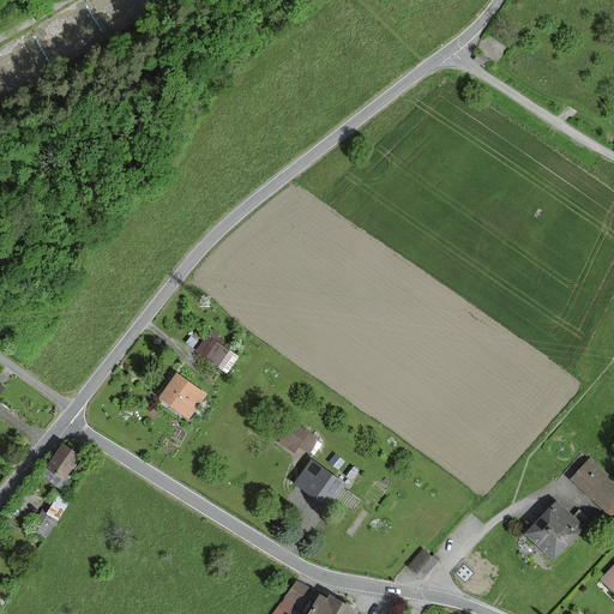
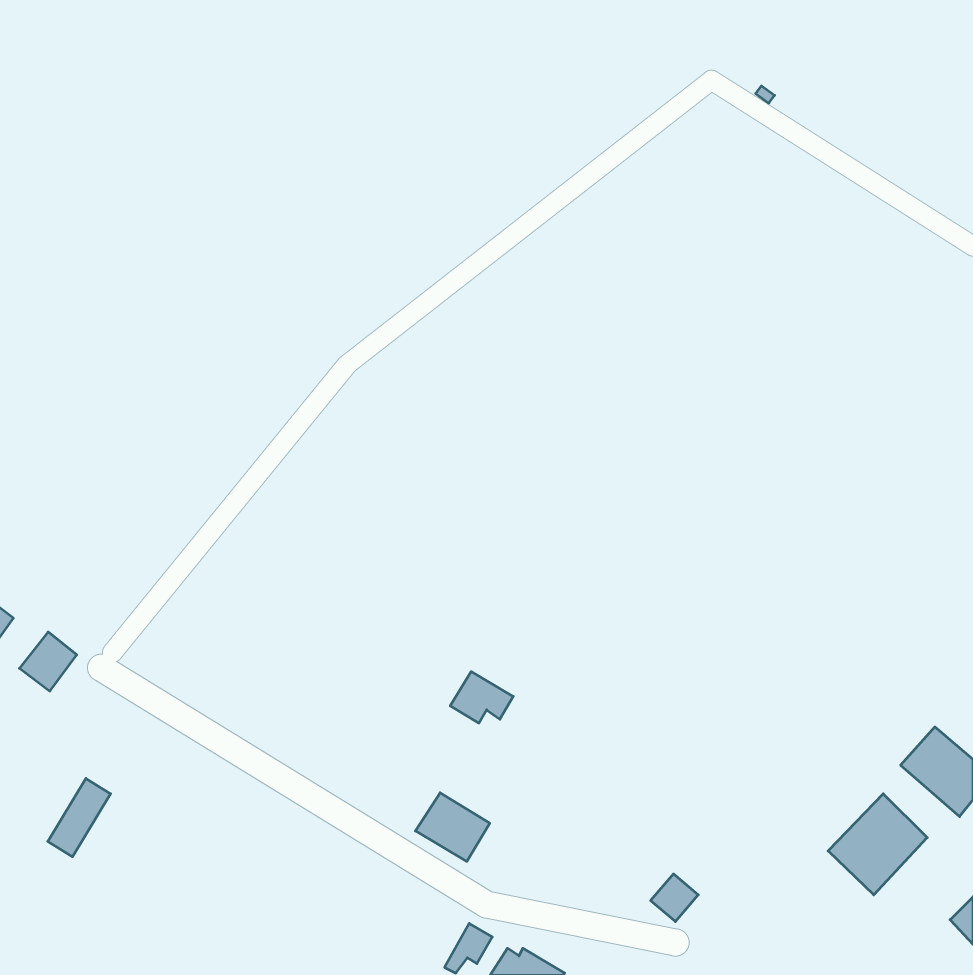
building: [198,337,234,371] -> none
building: [159,374,210,421] -> none
building: [46,441,82,478] -> [19,632,77,691]
building: [295,459,342,502] -> [415,793,490,861]

